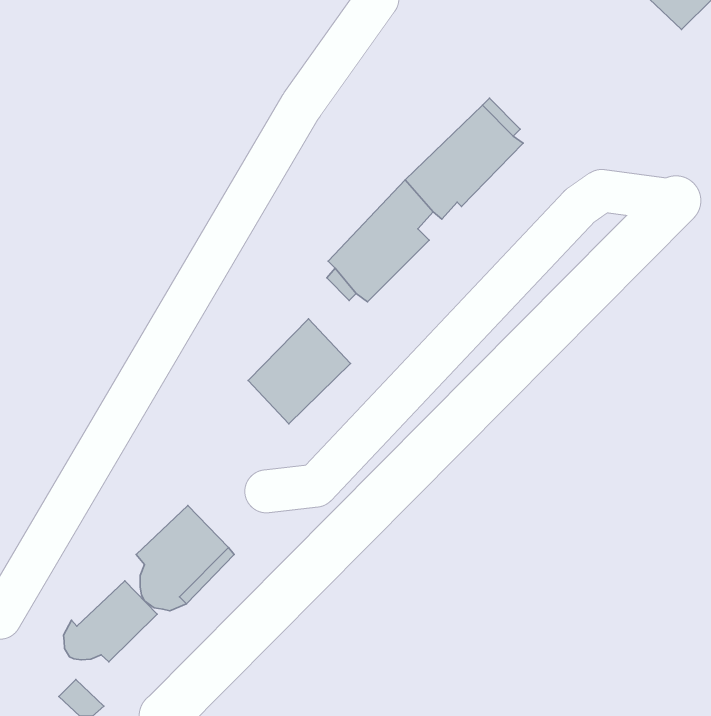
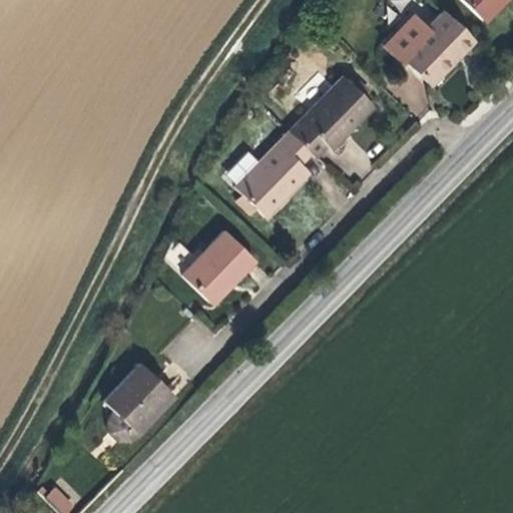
building: none -> [386,13,477,87]
building: [64,581,157,662] -> none

